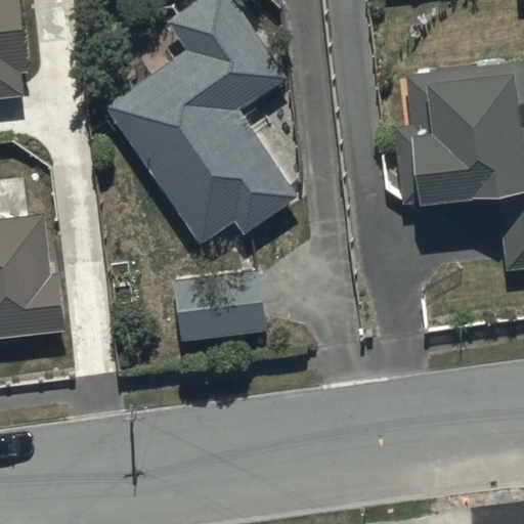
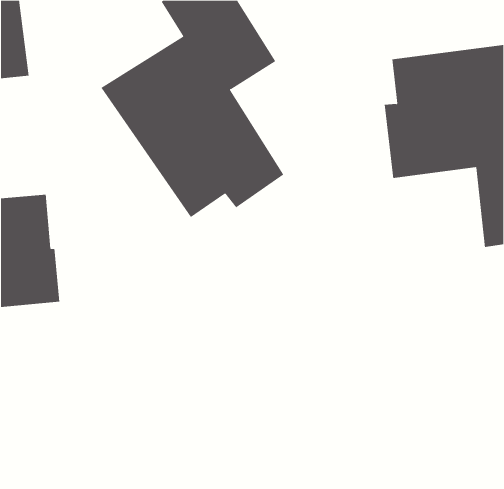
building: [171,266,271,345] -> none

